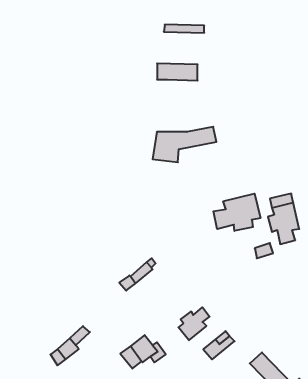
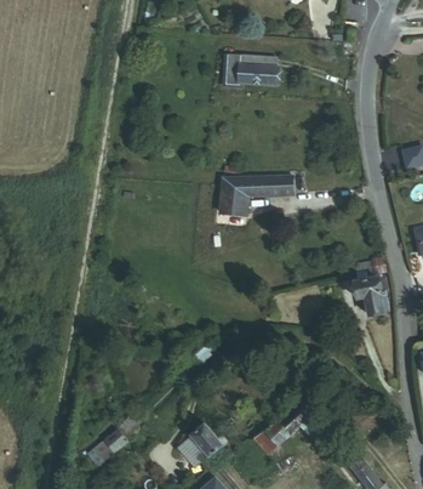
building: [157,63,198,81] -> [227,61,275,81]
building: [213,194,260,231] -> none
building: [178,307,210,340] -> none

